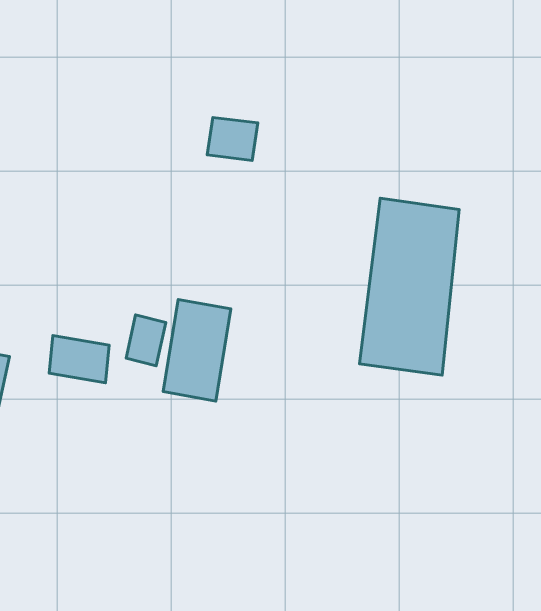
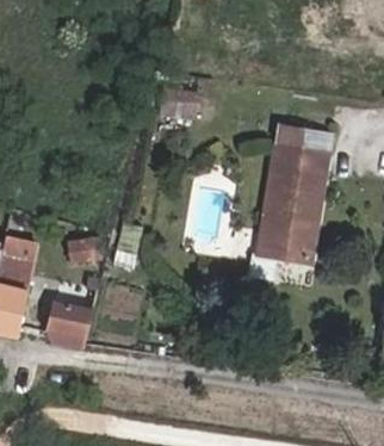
building: none -> [273,122,324,154]
building: [163,299,231,401] -> [51,284,94,348]

